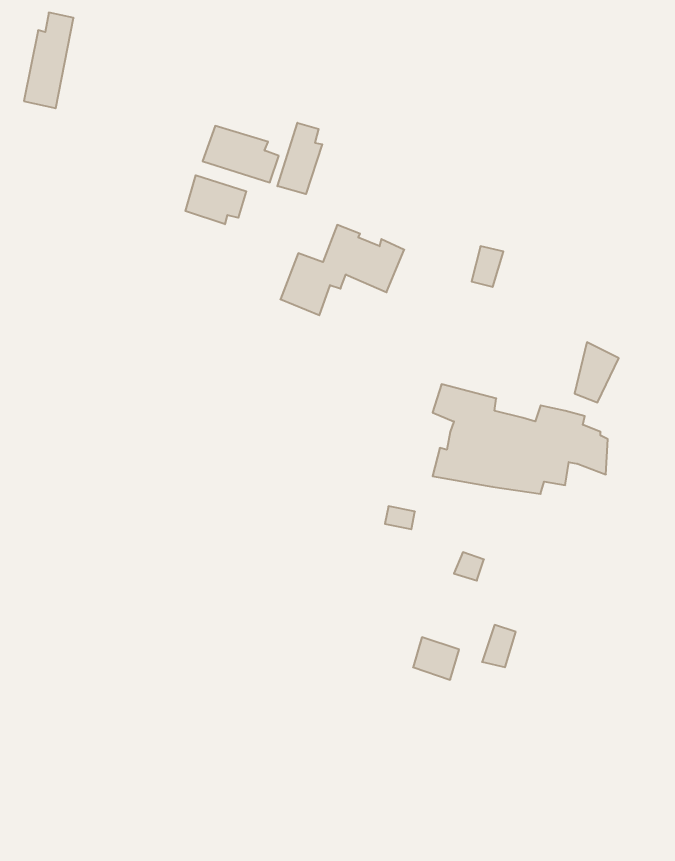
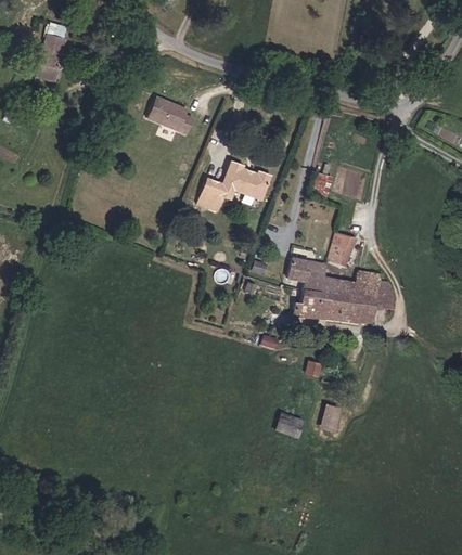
building: [277,123,322,194] -> none
building: [185,175,246,224] -> none
building: [575,342,619,402] -> [330,223,357,260]

